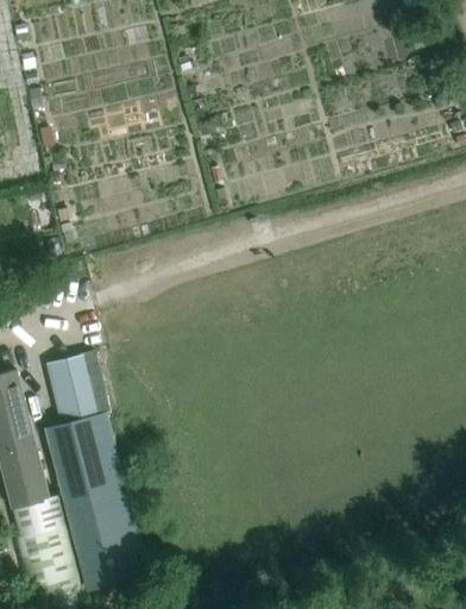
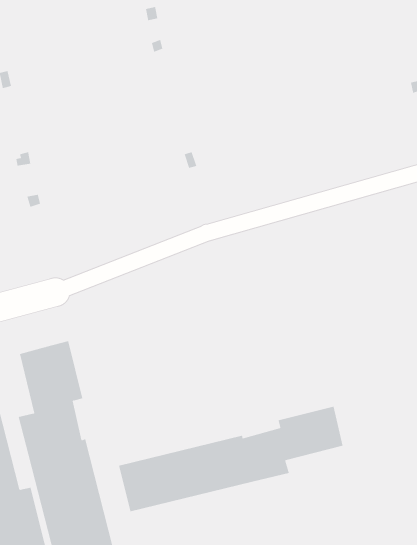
building: none -> [118,406,343,512]

